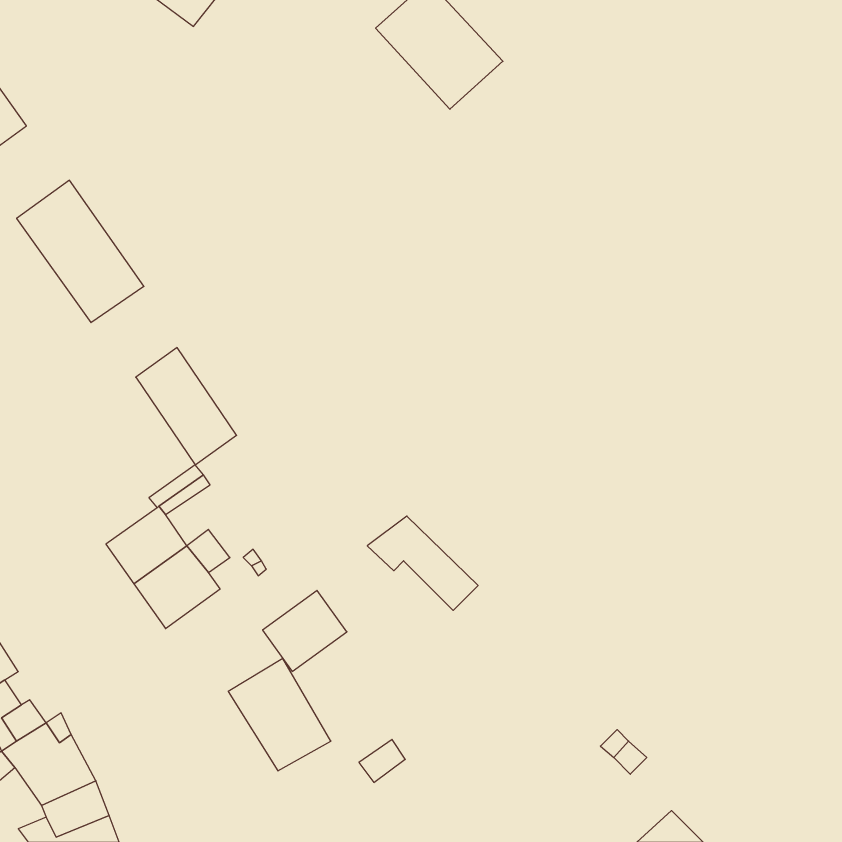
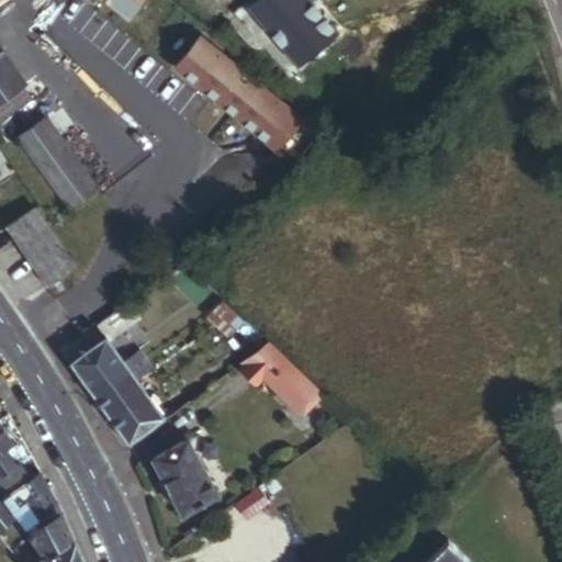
building: none -> [176,41,300,165]
building: [136,348,237,465] -> [5,210,72,288]
building: [263,590,347,671] -> [110,391,166,445]

